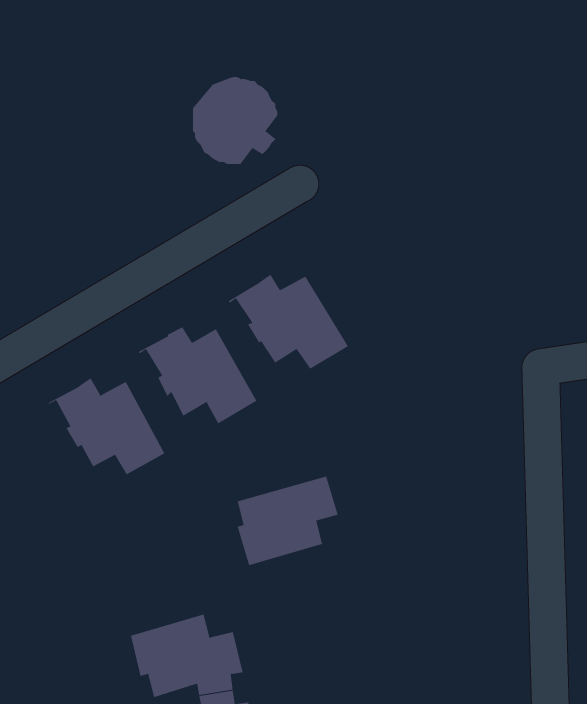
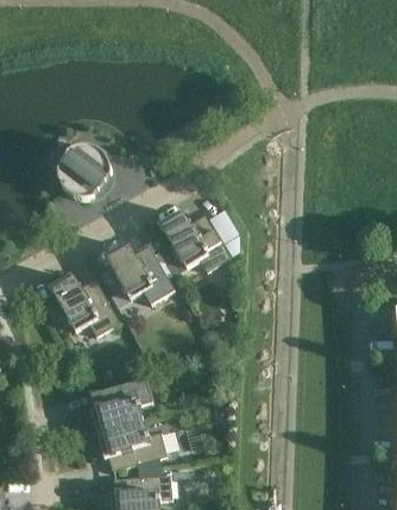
building: [192,77,278,165] -> [58,145,111,199]
building: [237,476,339,566] -> [90,378,152,433]

